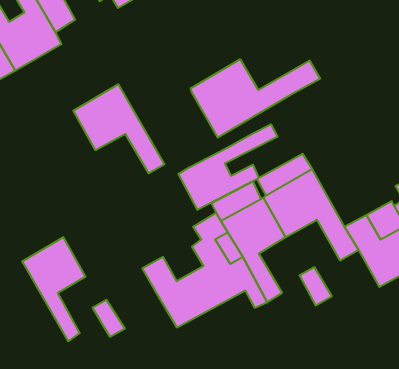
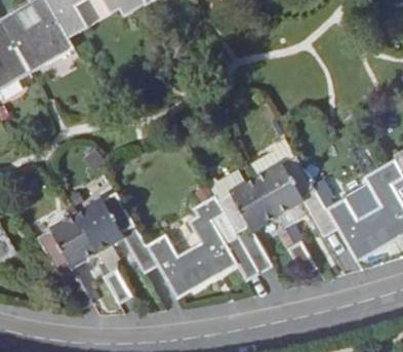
building: [191,59,320,138] -> none
building: [73,84,165,173] -> [76,193,157,272]
building: [178,124,277,210] -> none

